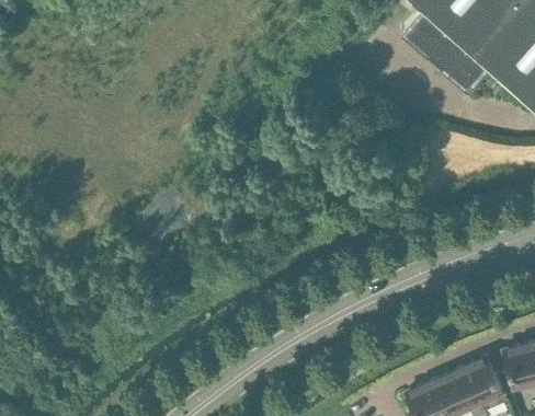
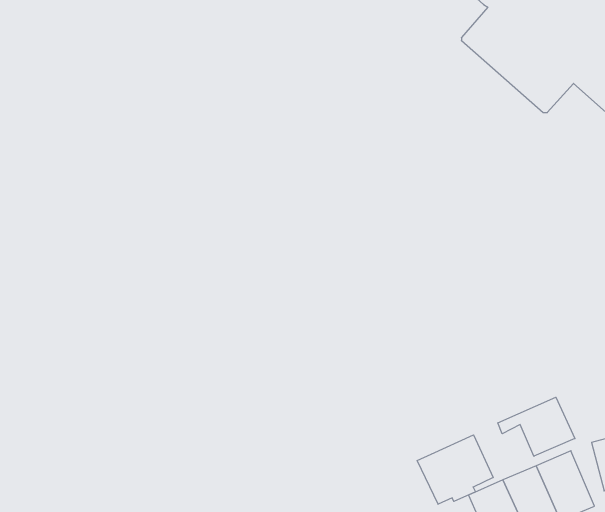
building: none -> [498,397,575,456]
building: none -> [417,435,493,504]

